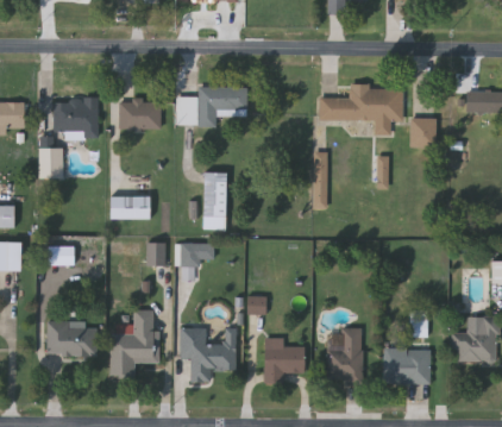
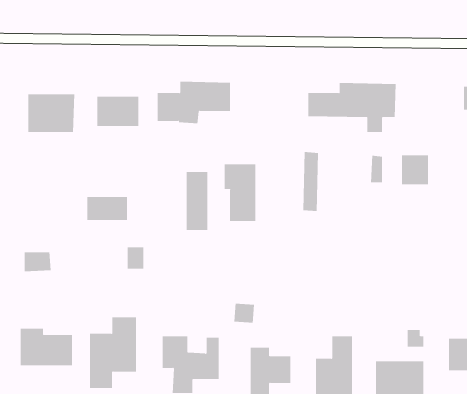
building: [410,118,437,146] -> [401,155,429,185]
building: [39,146,63,178] -> none
building: none -> [224,163,256,222]
building: [180,243,214,266] -> none

